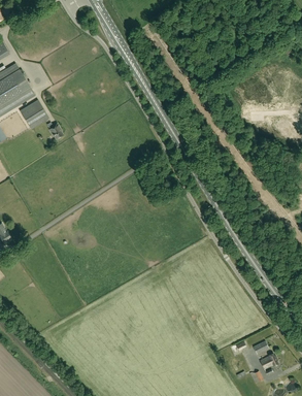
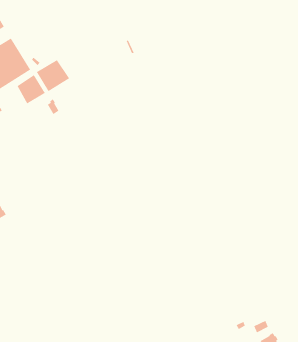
building: none -> [36,59,70,92]

